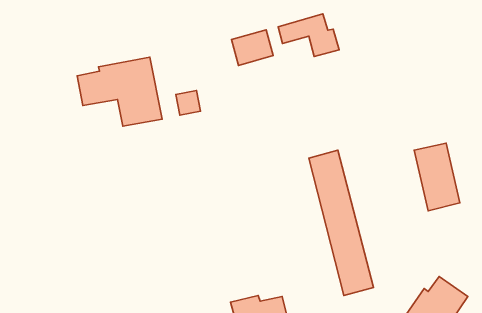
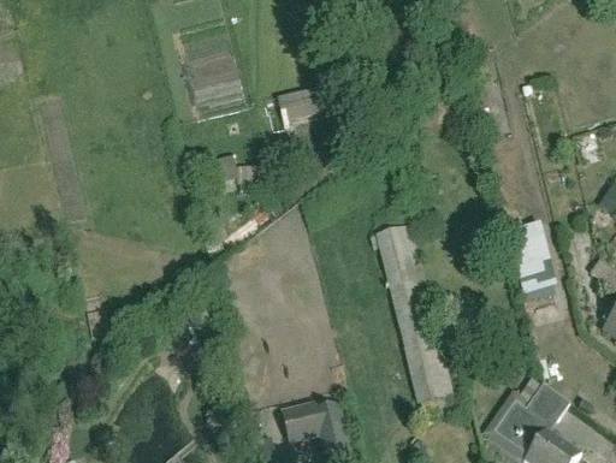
building: [278,14,339,56] -> none
building: [77,57,162,126] -> none

